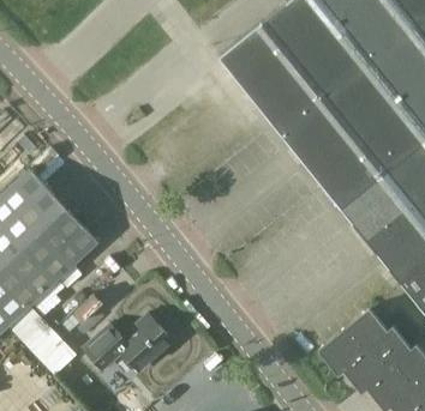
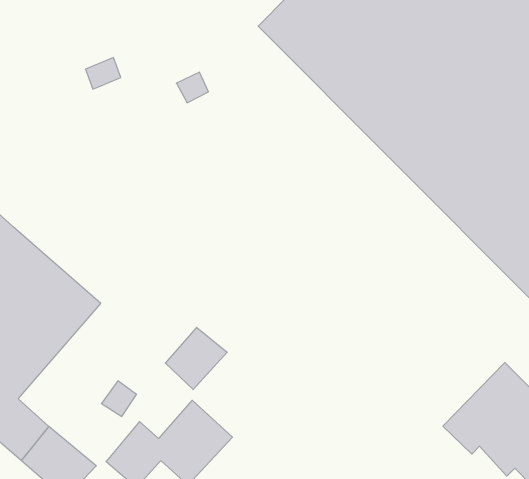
building: none -> [165,327,227,390]

